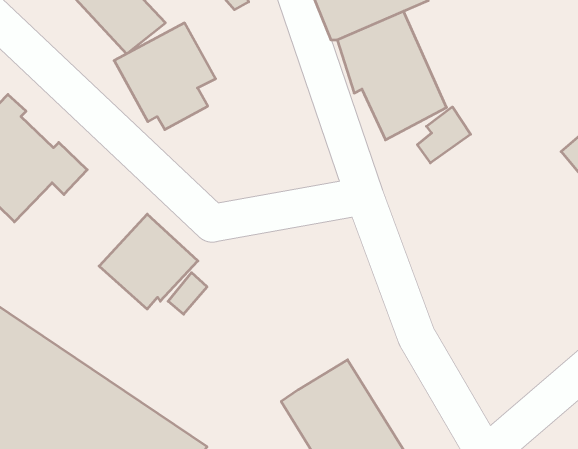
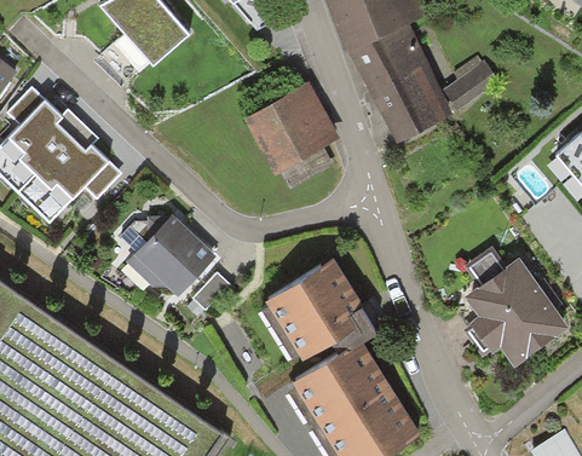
building: [114,23,216,130] -> [244,85,339,184]
building: [417,107,471,163] -> [445,50,495,102]
building: none -> [459,254,558,356]
building: none -> [269,272,367,377]

